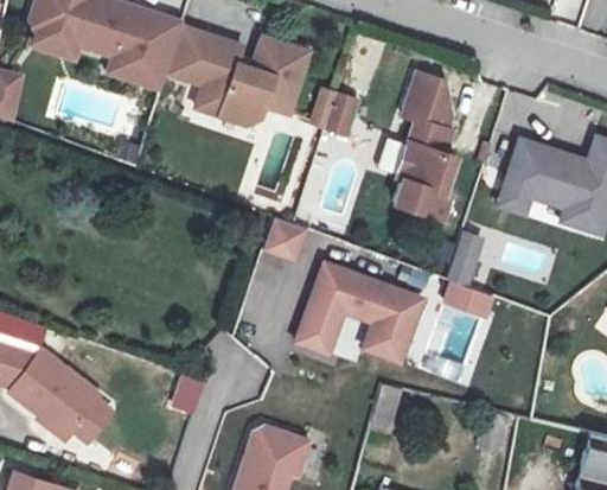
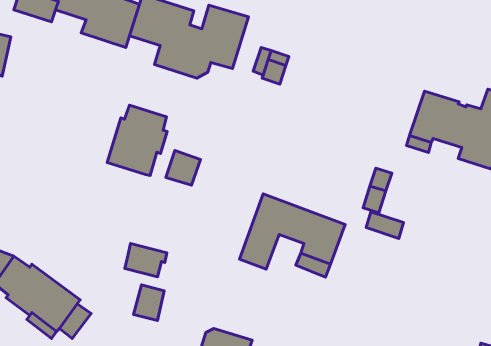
building: [392,71,454,217] -> none
building: none -> [107,105,167,175]
building: [264,217,306,259] -> [166,151,201,185]
building: none -> [125,244,167,277]

